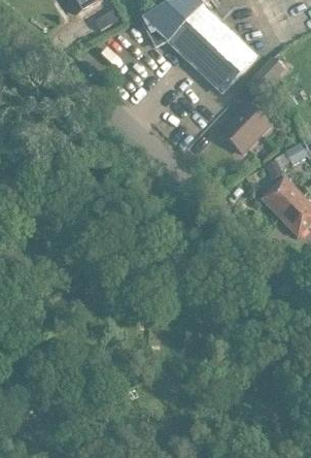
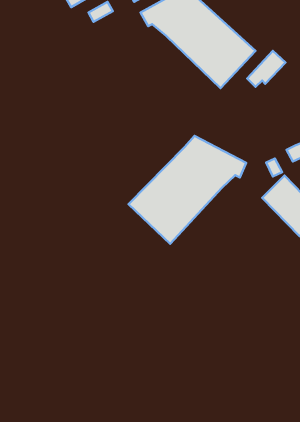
building: [220,102,269,151] -> none
building: none -> [128,136,246,244]

